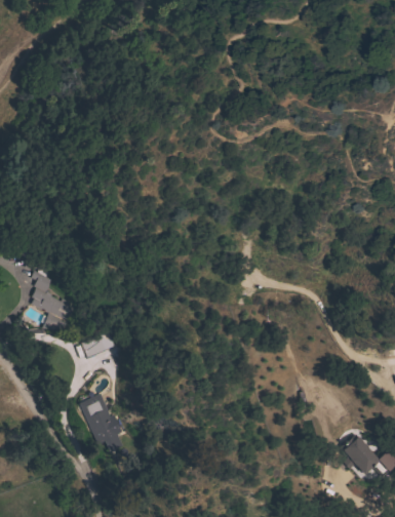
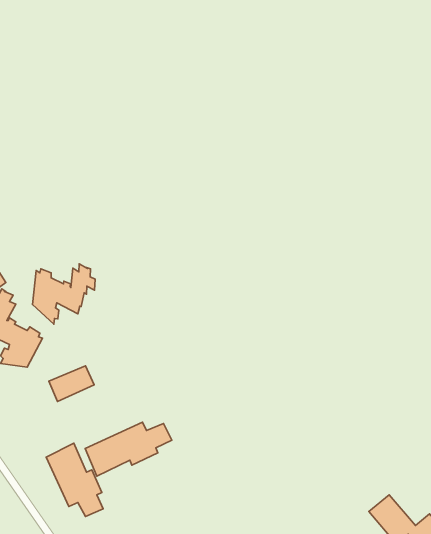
building: none -> [33,264,95,324]
building: none -> [85,422,172,476]

